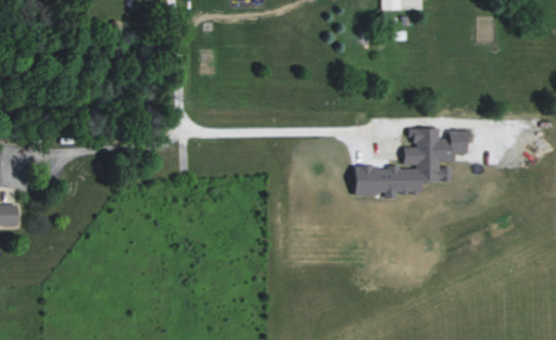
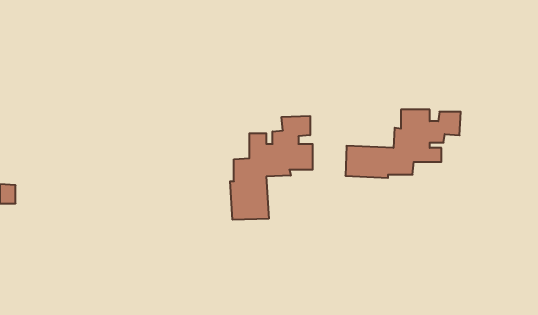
building: none -> [230,116,313,220]

